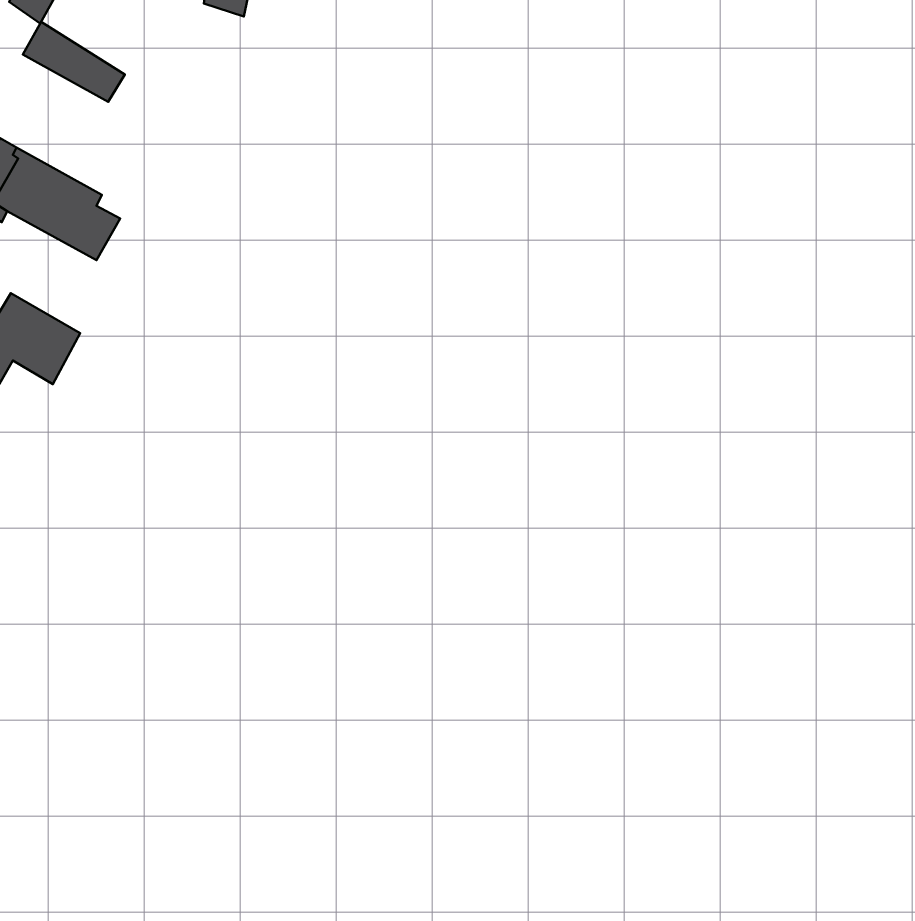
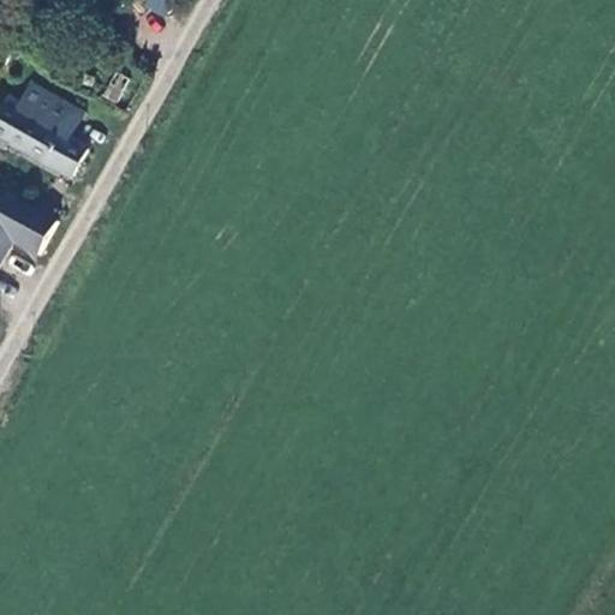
building: [23,22,125,102] -> [11,76,78,129]

